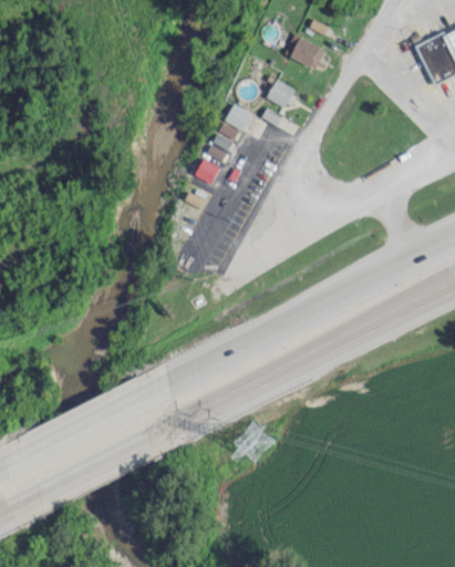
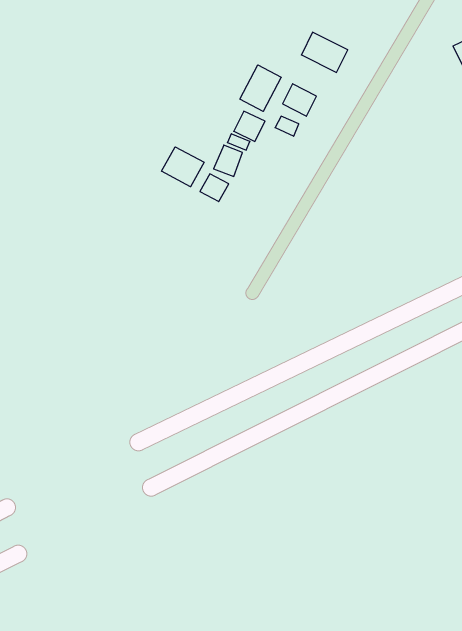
building: none -> [240,65,281,111]
building: none -> [162,147,204,187]

